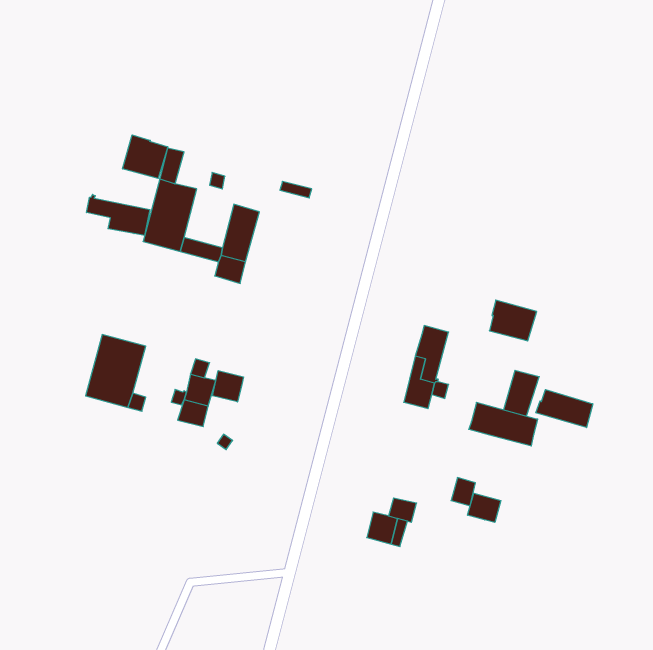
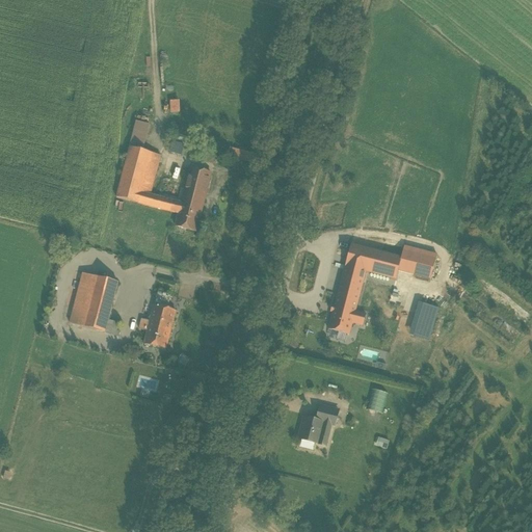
building: [123,135,168,178] -> none
building: [87,194,150,236] -> none
building: [212,371,243,402] -> none
building: [536,390,593,428] -> none
building: [469,402,538,446] -> [345,243,401,278]
building: [468,493,501,522] -> none

